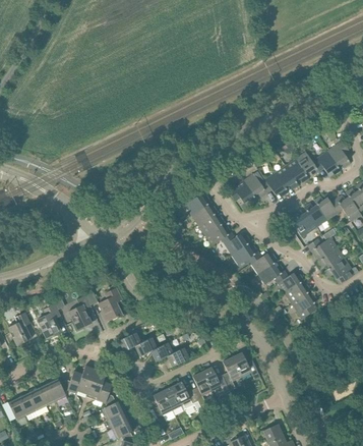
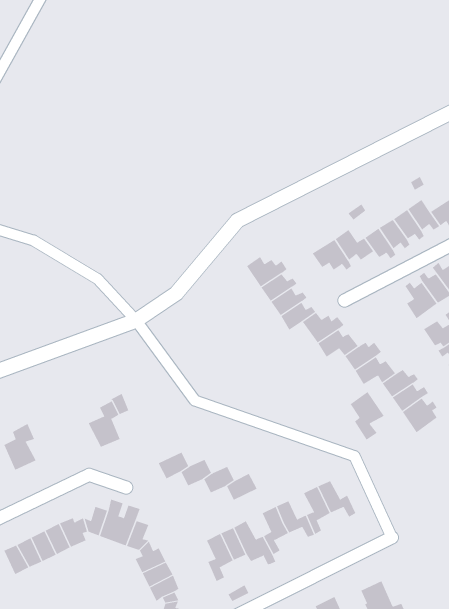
building: [99,288,122,321] -> none
building: none -> [350,391,385,441]
building: [37,304,60,338] -> none

